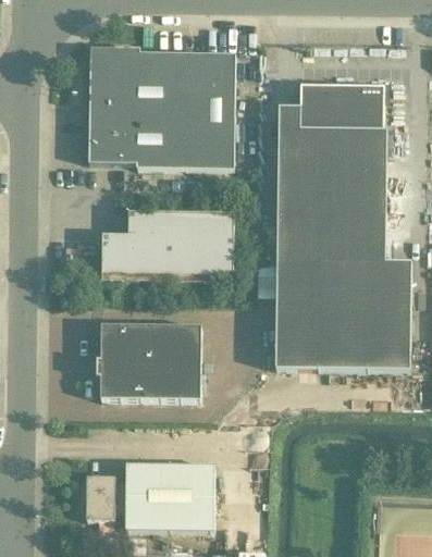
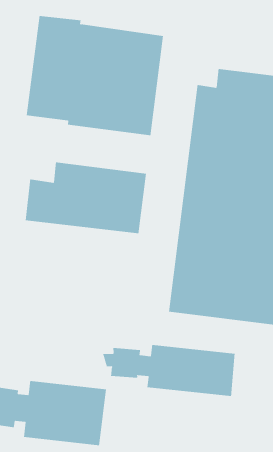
building: [95,320,200,395] -> none
building: none -> [103,344,235,397]

